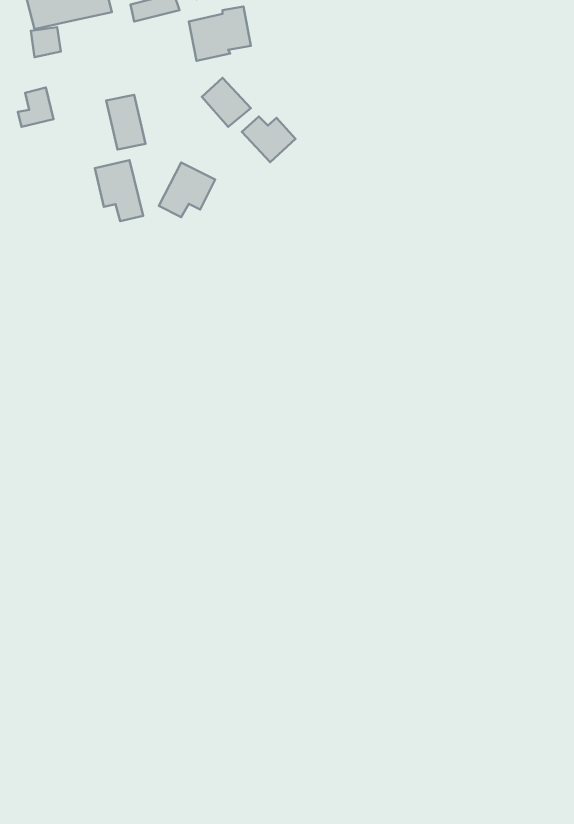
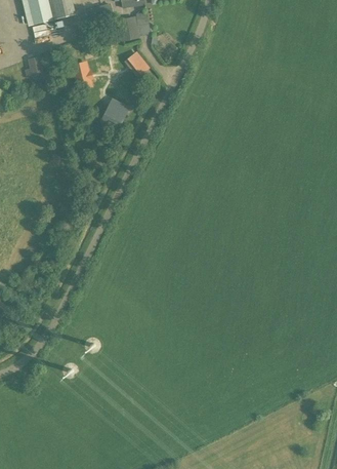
building: [242,116,296,162] -> none
building: [95,160,143,221] -> none

